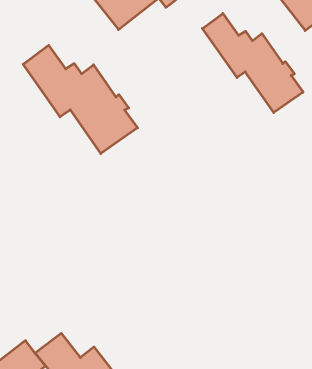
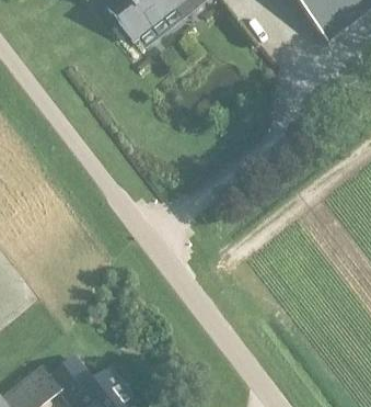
building: [202,13,303,113] -> none
building: [23,45,138,154] -> none

